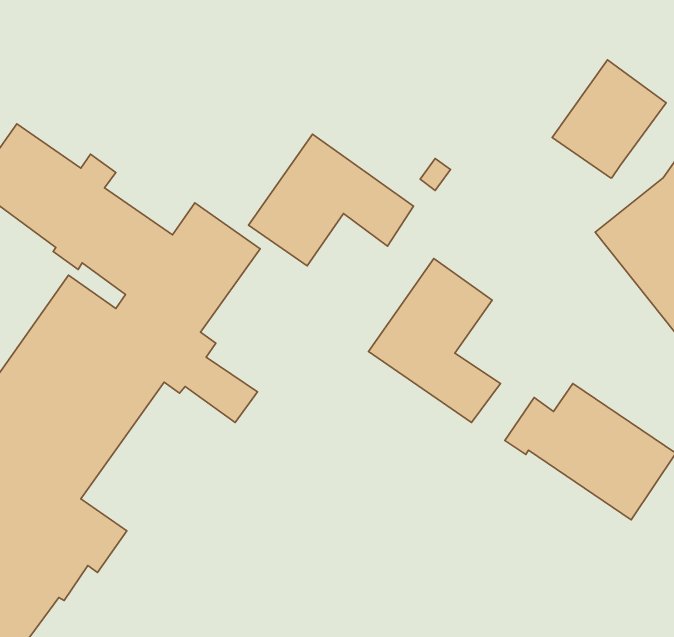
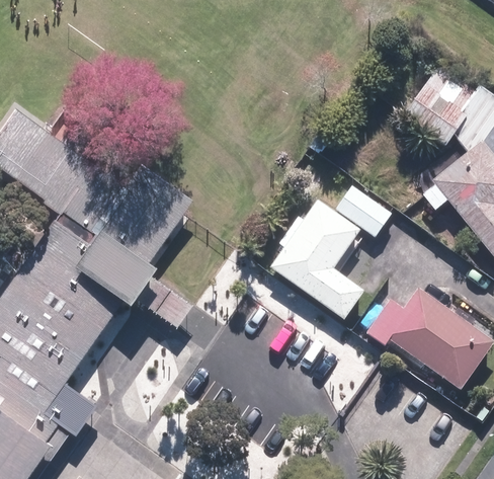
building: [249,134,414,266] -> none
building: none -> [334,185,393,237]

